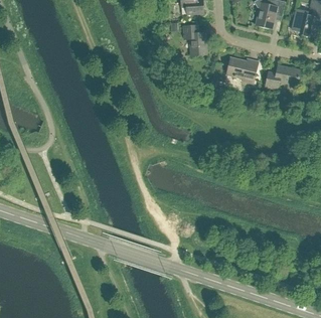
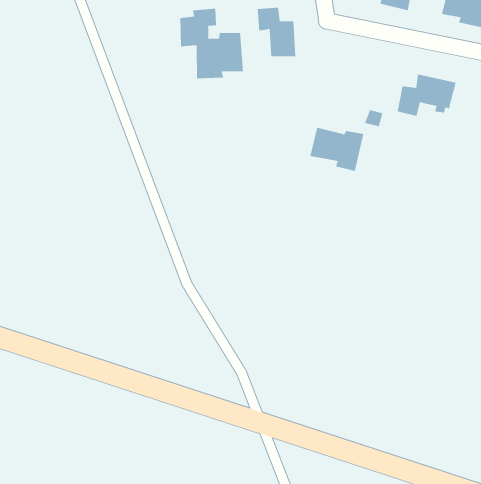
building: none -> [180,8,244,79]
building: [226,57,259,84] -> [310,127,364,172]

